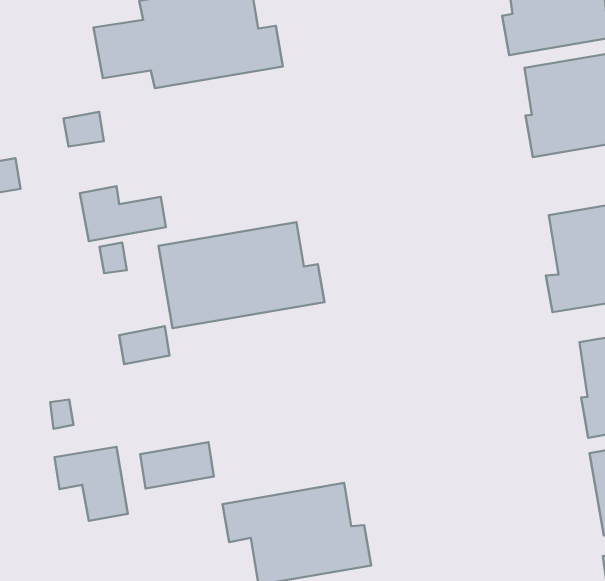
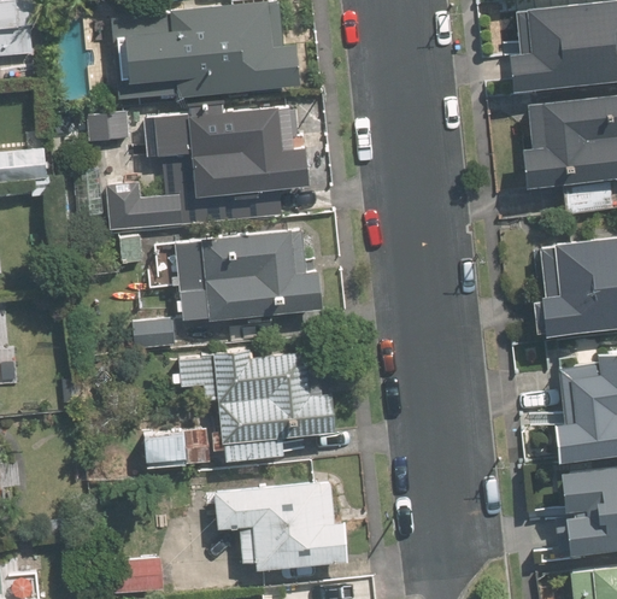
building: none -> [157,107,312,198]
building: none -> [176,347,340,462]
building: [54,447,128,521] -> none

